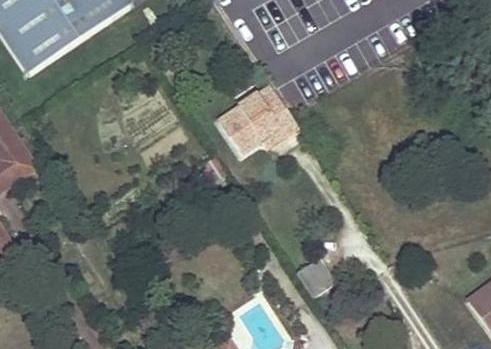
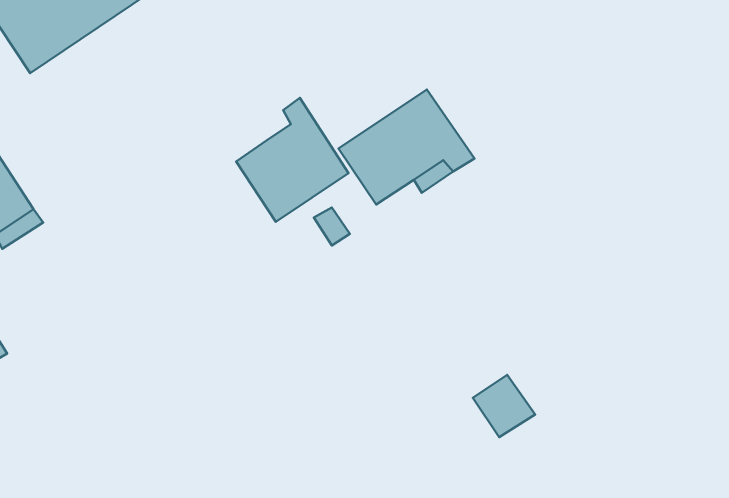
building: none -> [236,98,349,222]

